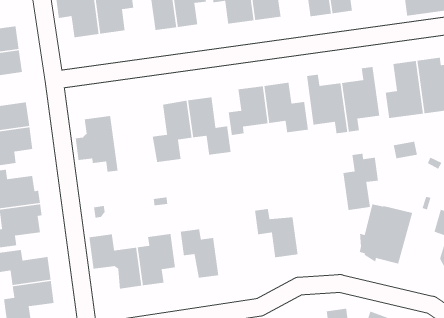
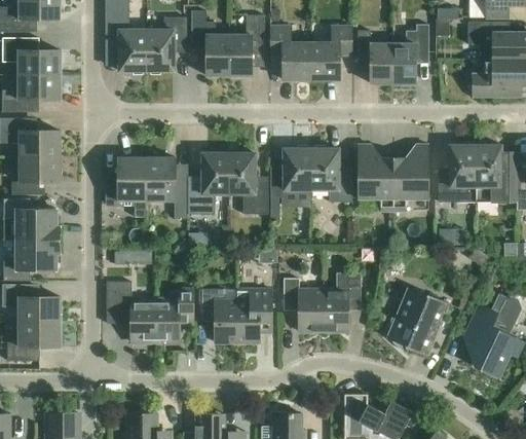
building: none -> [147,157,188,217]
building: [342,153,379,211] -> [324,272,361,331]
building: none -> [237,289,272,342]

